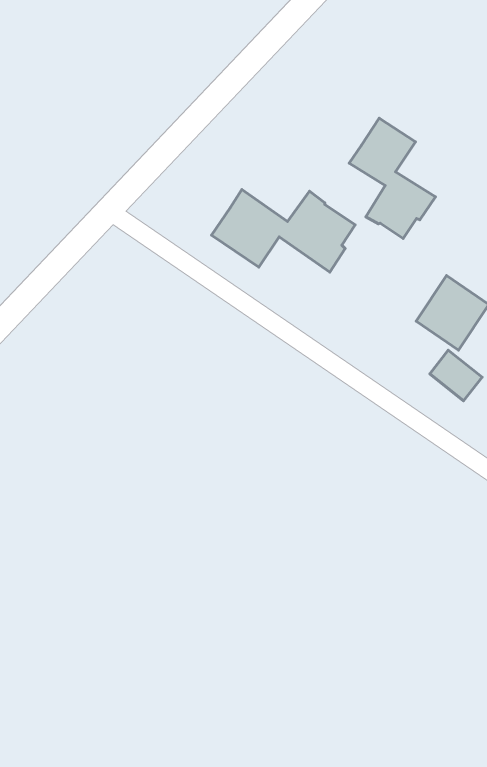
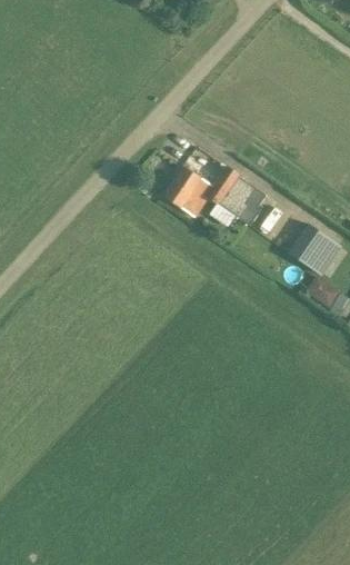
building: [349,118,436,239] -> none

